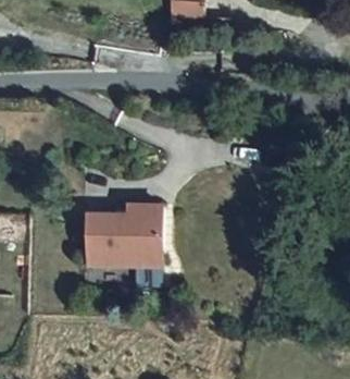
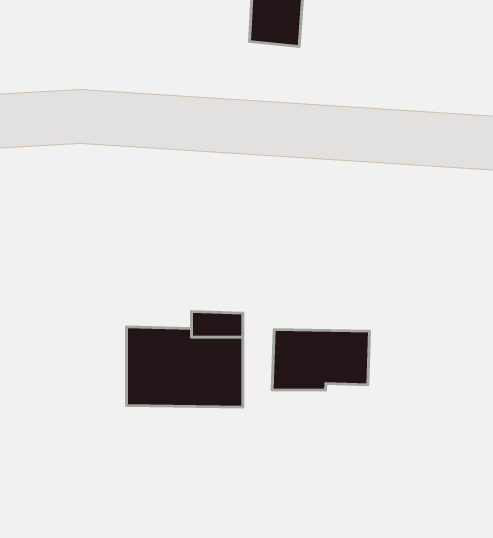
building: none -> [272,330,369,390]

